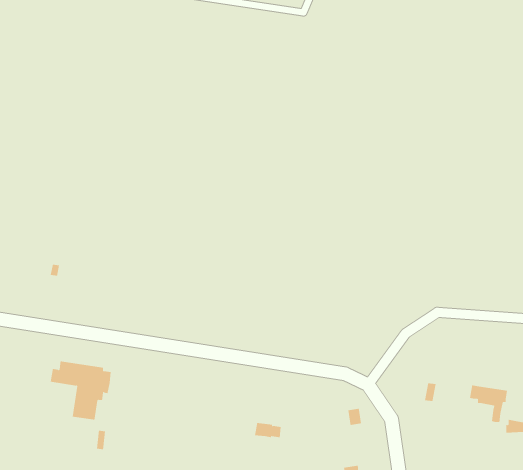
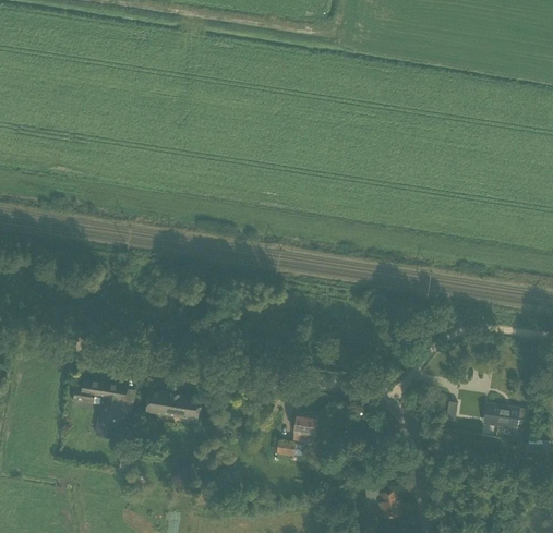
building: none -> [143,392,197,421]
building: none -> [291,415,315,445]

